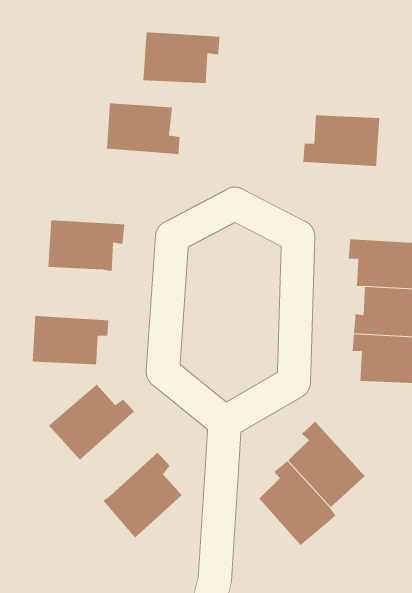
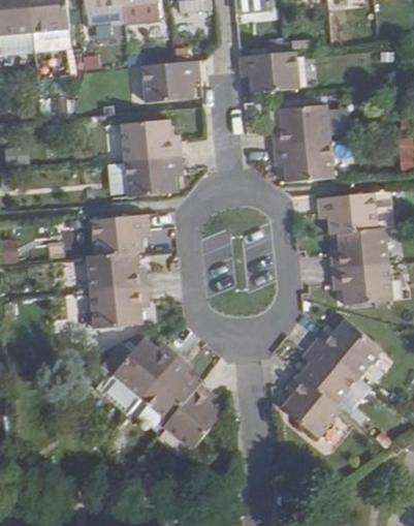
building: none -> [238,52,299,93]
building: none -> [124,155,182,196]
building: none -> [274,142,333,182]
building: none -> [86,251,146,293]
building: none -> [313,318,380,377]
building: none -> [139,354,197,421]

